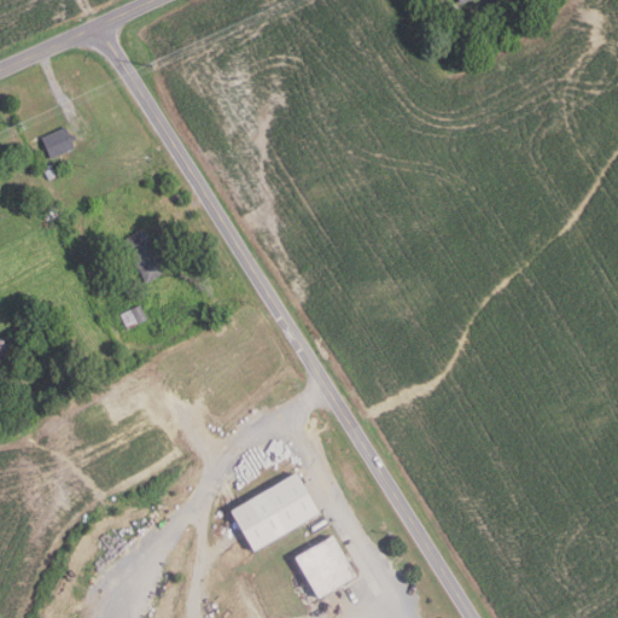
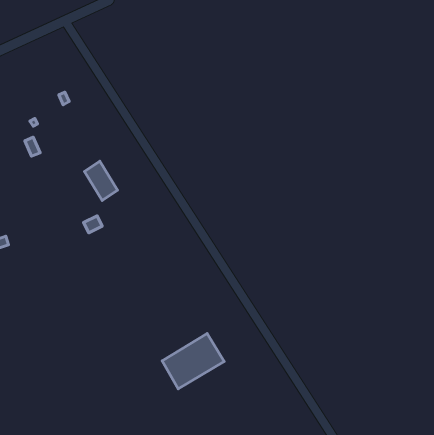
building: [40,127,74,161] -> none
building: [295,536,355,599] -> none

